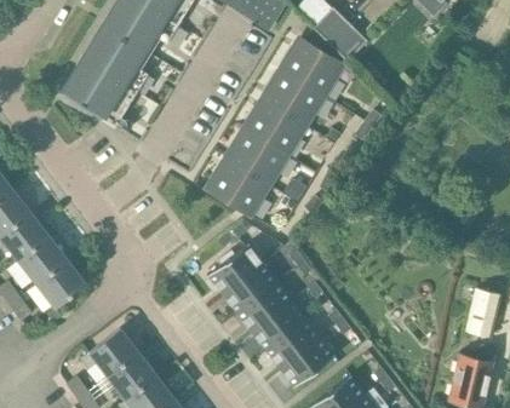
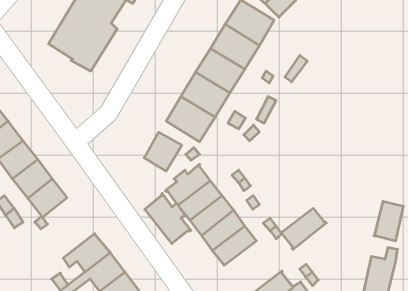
building: none -> [144,132,182,171]
building: none -> [145,193,191,244]
building: [279,337,334,387] -> [281,208,326,249]

